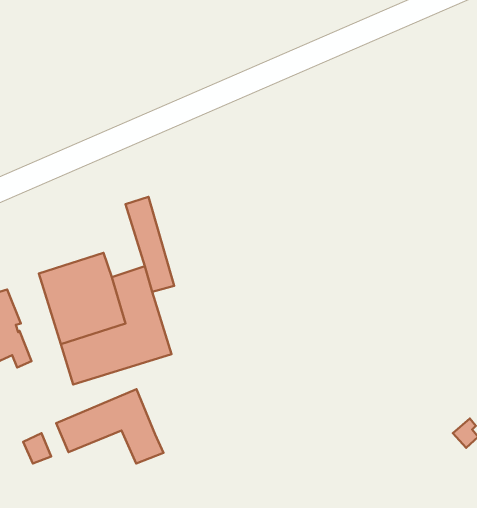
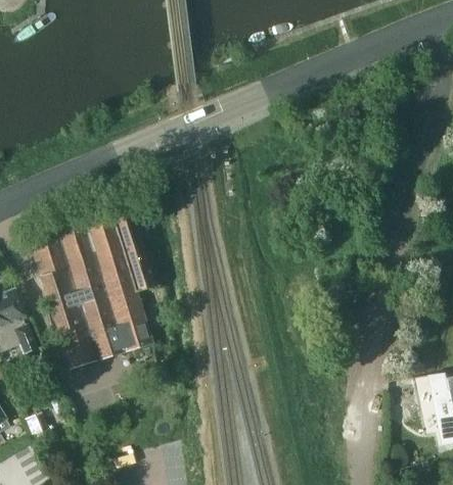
building: none -> [28,217,127,279]
building: [56,389,163,464] -> none

